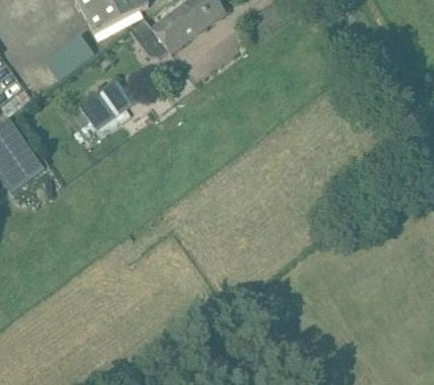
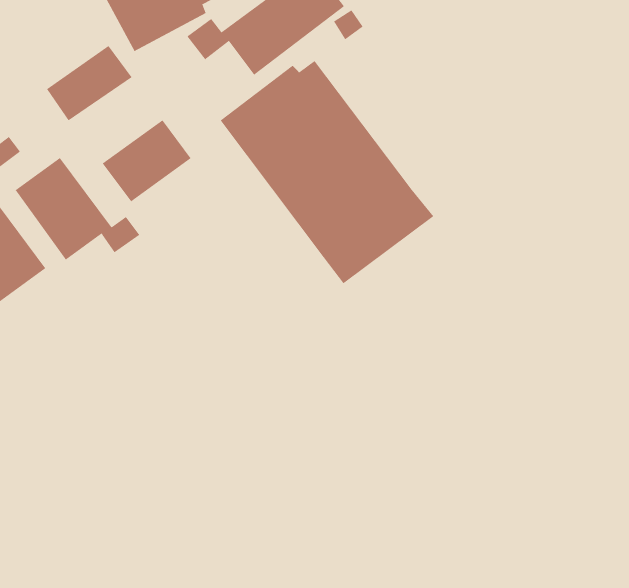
building: none -> [220,60,434,284]
building: none -> [15,157,140,260]

